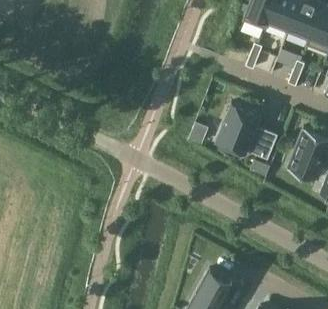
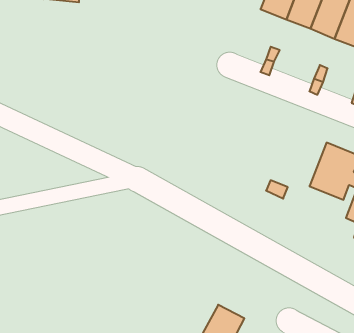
building: [215,104,278,160] -> none

